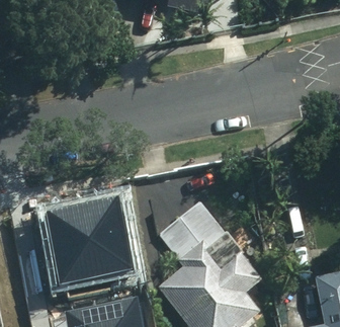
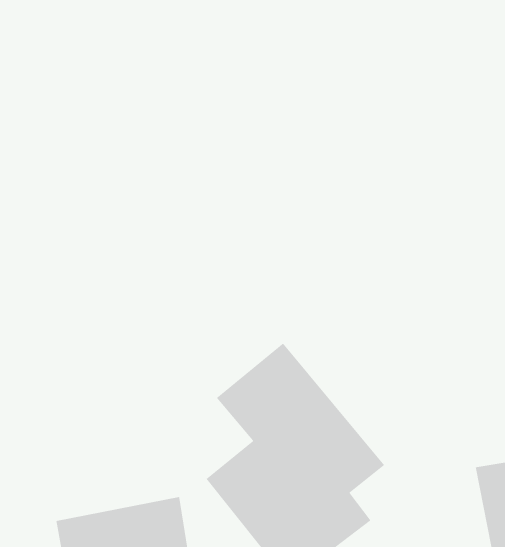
building: [47,192,135,279] -> none

